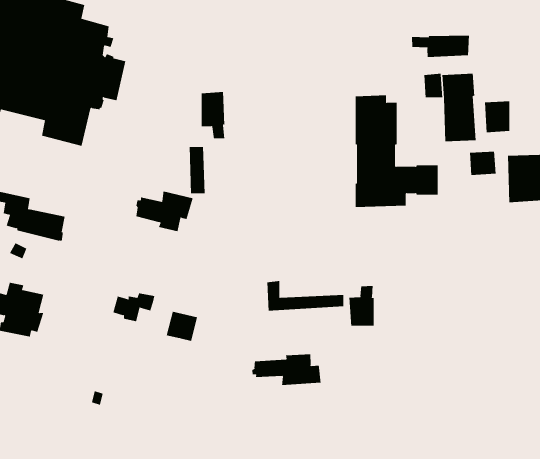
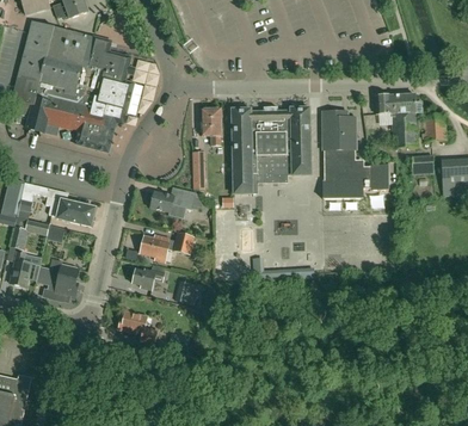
building: [411,35,469,58] -> none
building: none -> [232,107,310,195]
building: none -> [140,233,193,263]
building: [349,285,374,326] -> none
building: none -> [118,310,158,345]
building: [252,354,321,386] -> none

